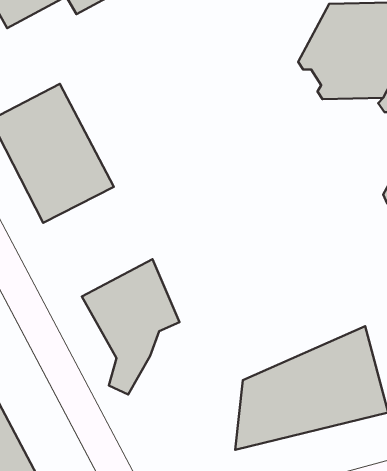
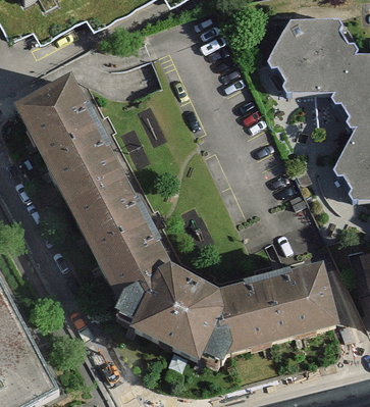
building: none -> [61,155,148,242]
building: none -> [125,262,219,363]

